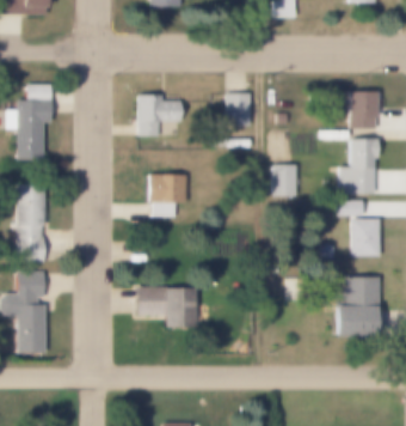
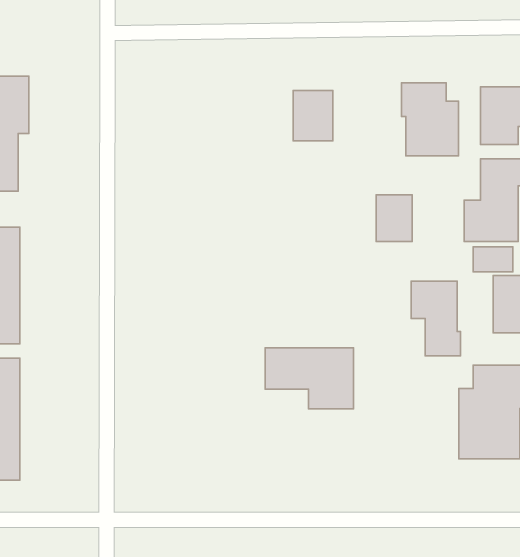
building: none -> [401,83,459,156]
building: [139,96,180,136] -> none
building: [149,174,187,217] -> none
building: none -> [411,281,460,356]
building: [137,287,196,328] -> [265,348,353,409]

